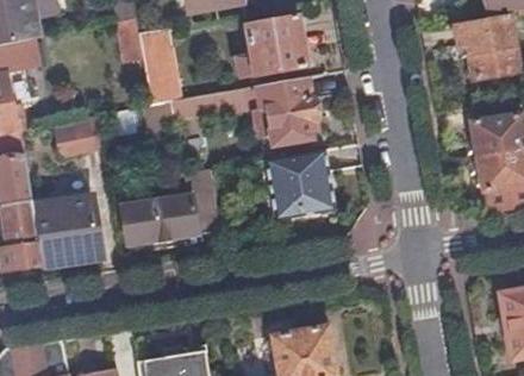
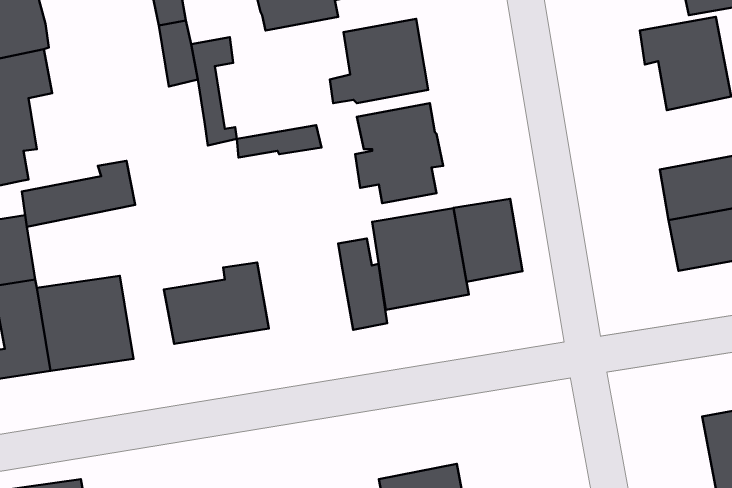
building: none -> [453,199,523,282]
building: [185,169,219,233] -> [338,239,387,330]

